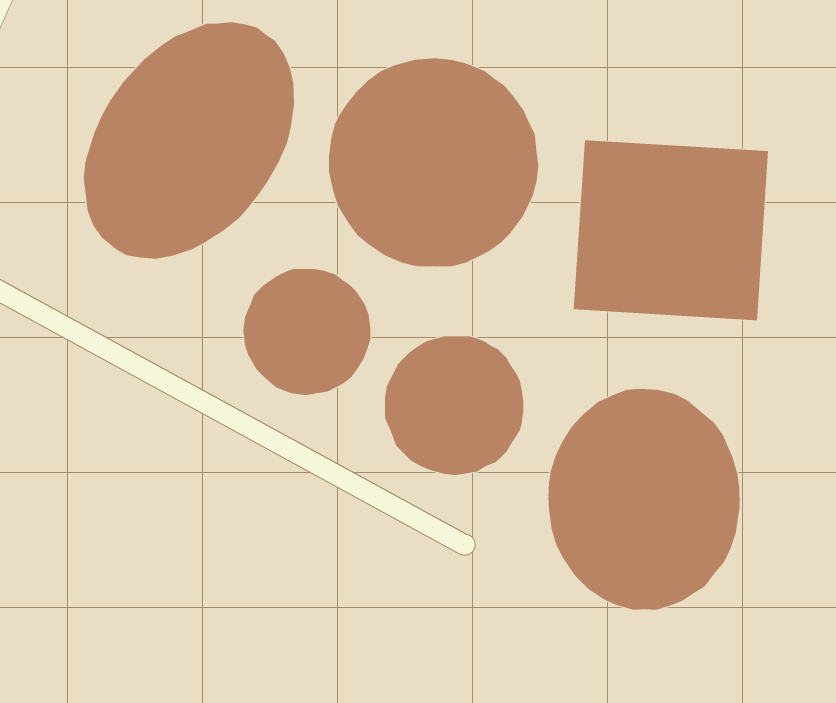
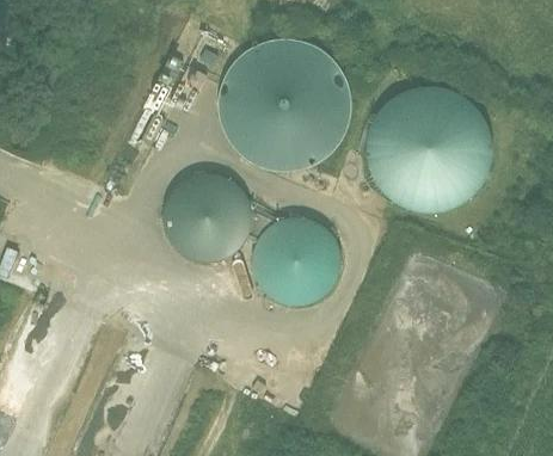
building: [83,21,294,259] -> none
building: [548,388,740,610] -> none

